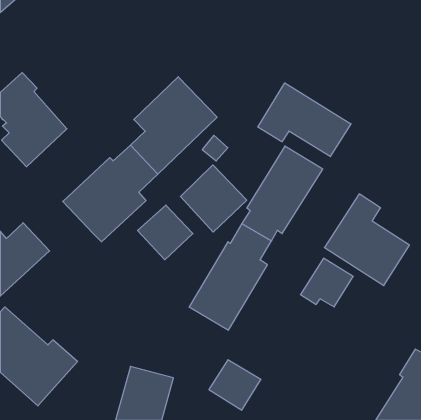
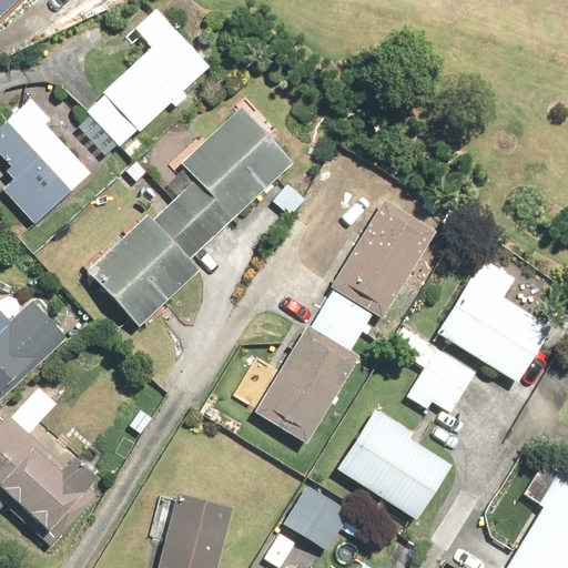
building: none -> [85,28,210,146]
building: [258,83,351,157] -> none
building: [180,165,247,232] -> none
building: [138,205,193,260] -> none
building: none -> [336,408,450,520]

